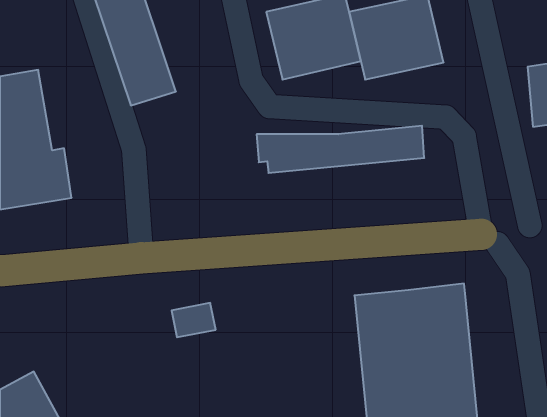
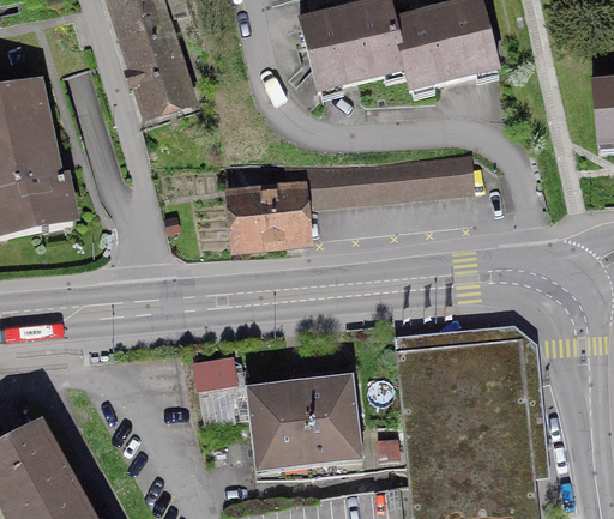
building: none -> [227,186,305,237]
building: none -> [247,370,360,461]

